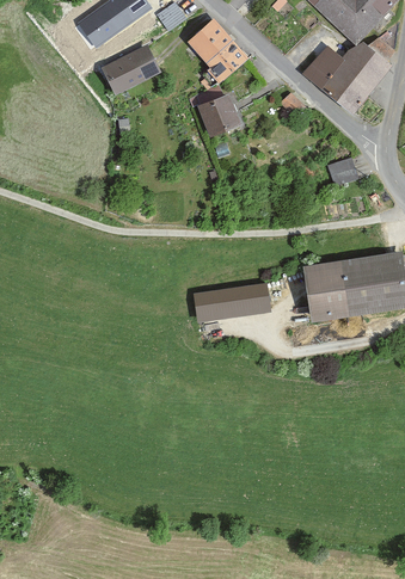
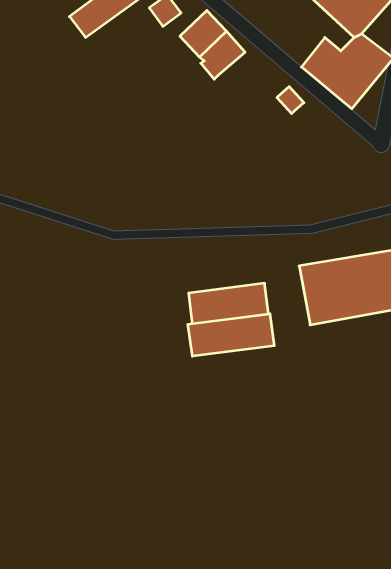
building: [102,47,159,93] -> none
building: [197,93,240,136] -> none
building: [326,156,357,185] -> none
building: none -> [188,314,274,356]

